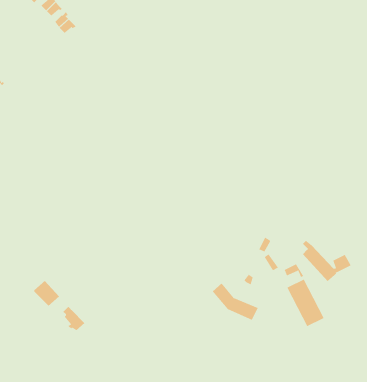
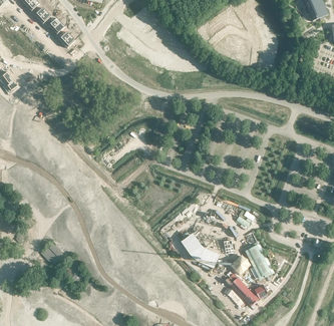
building: [302,240,351,282] -> [229,272,268,305]

